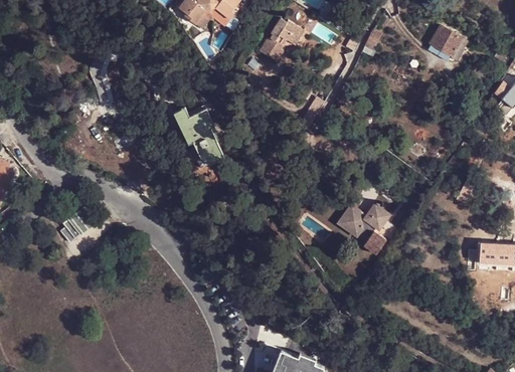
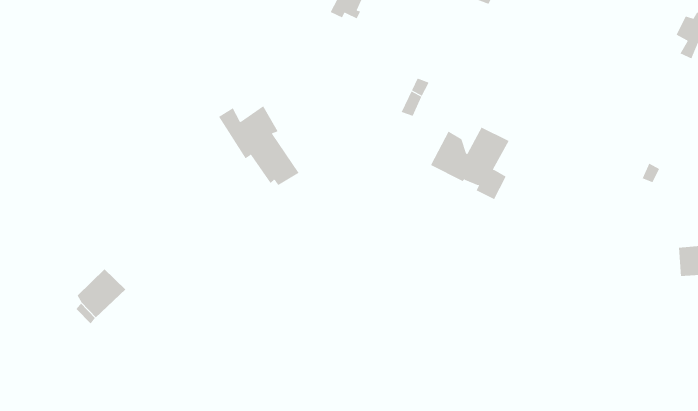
building: [335,203,391,254] -> [430,127,509,200]

